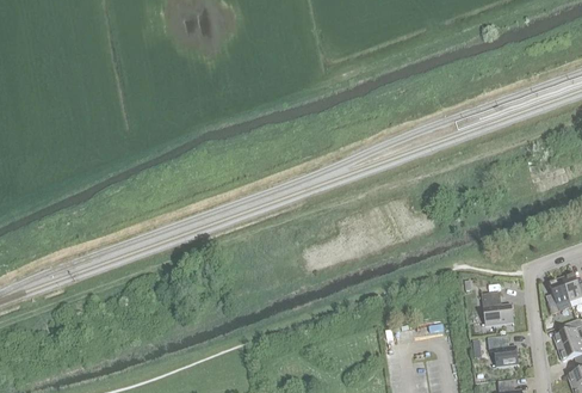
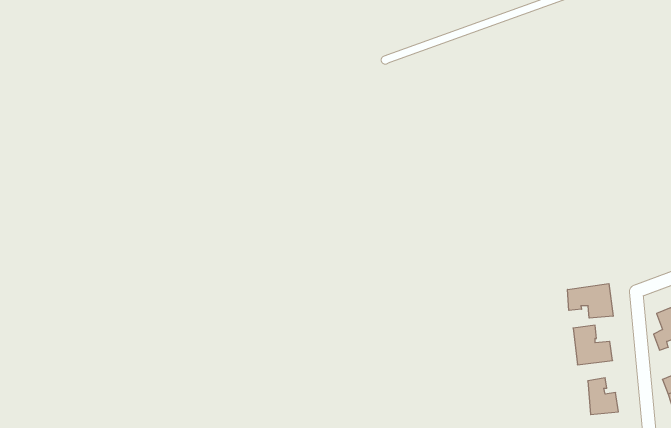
building: none -> [568,284,613,318]

